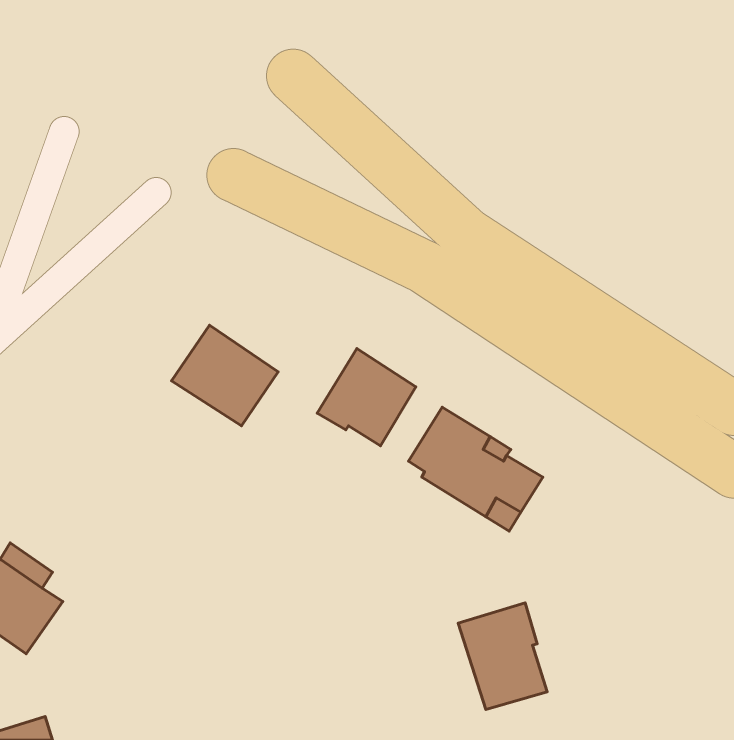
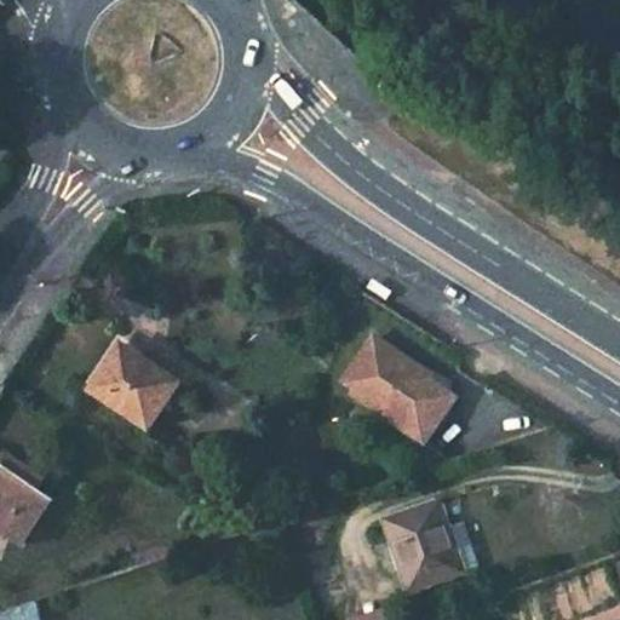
building: [172,325,278,426] -> [91,348,179,431]
building: [317,349,416,446] -> none

